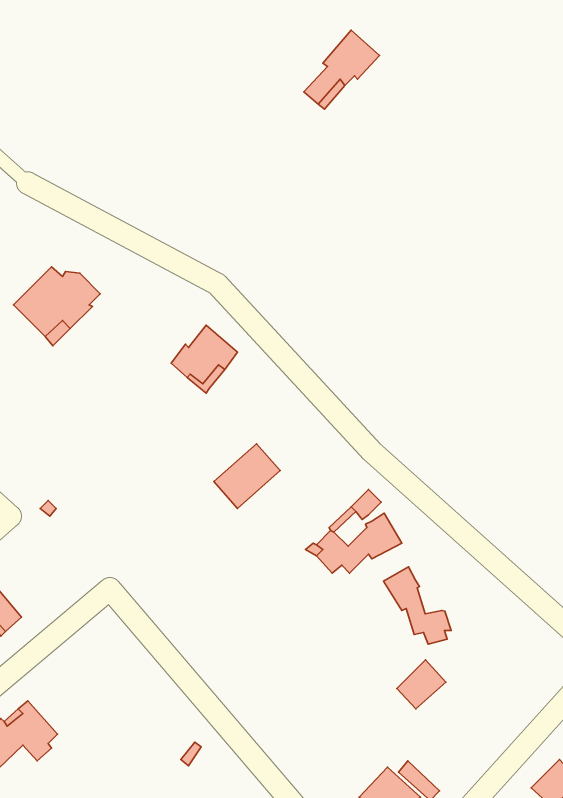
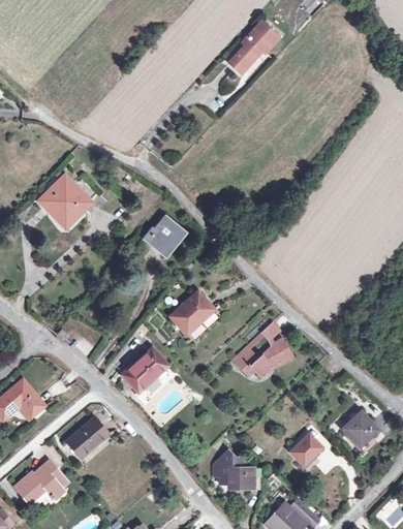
building: none -> [122,348,167,392]
building: [384,567,451,644] -> none
building: none -> [342,410,378,447]
building: none -> [67,417,109,457]
building: none -> [213,450,252,487]

